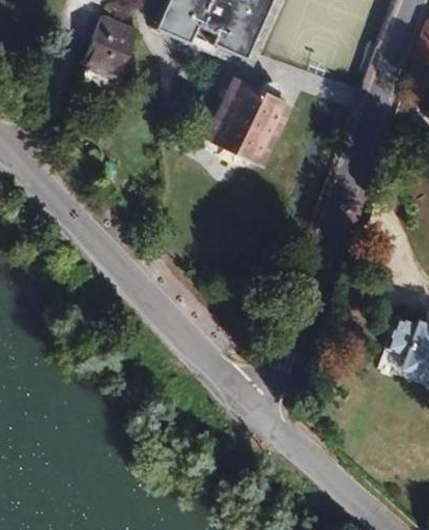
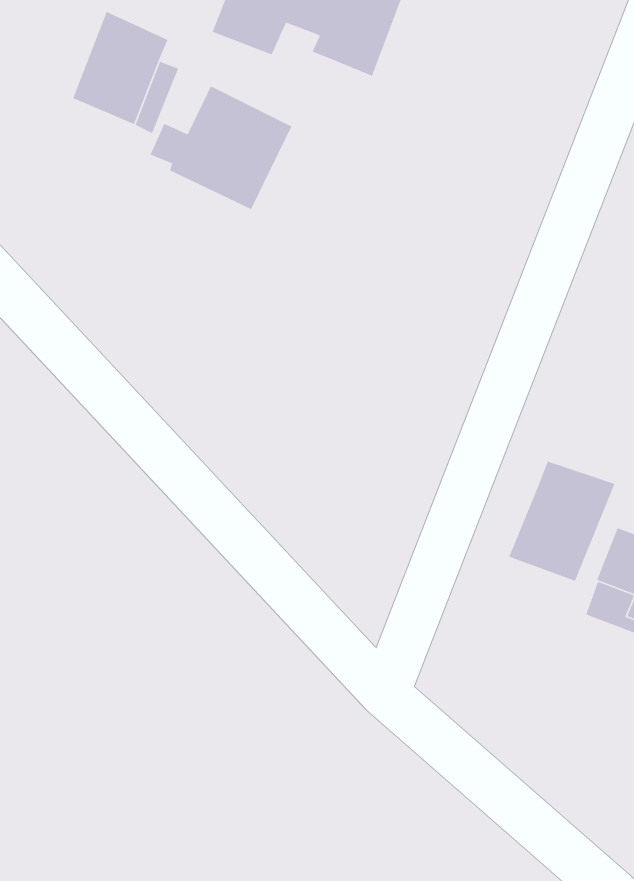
building: [199,84,282,156] -> [150,85,293,210]
building: none -> [508,460,616,582]

